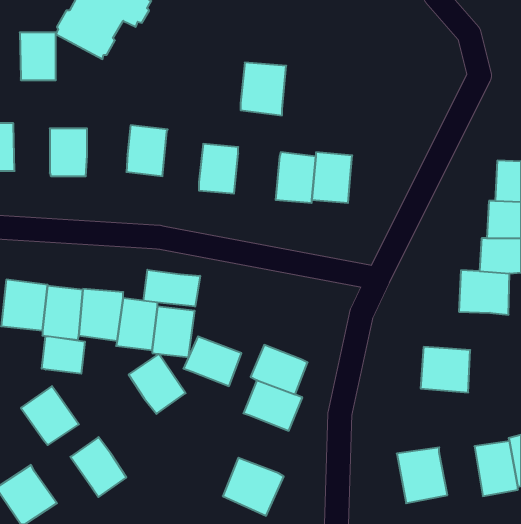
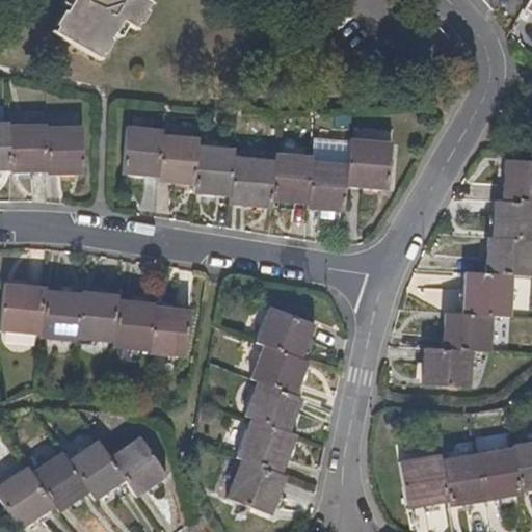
building: [20,32,56,80] -> [14,126,50,174]
building: [241,63,286,115] -> [235,154,281,207]
building: none -> [163,132,205,183]
building: none -> [351,133,397,183]
building: [144,270,200,307] -> none
building: none -> [441,311,491,351]
building: [42,336,85,374] -> none
building: [183,336,241,386] -> [257,311,315,361]
building: [129,354,186,414] -> [111,434,168,495]
building: [21,386,79,445] -> [34,451,92,510]
building: none -> [235,417,295,475]
building: none -> [441,448,484,502]

